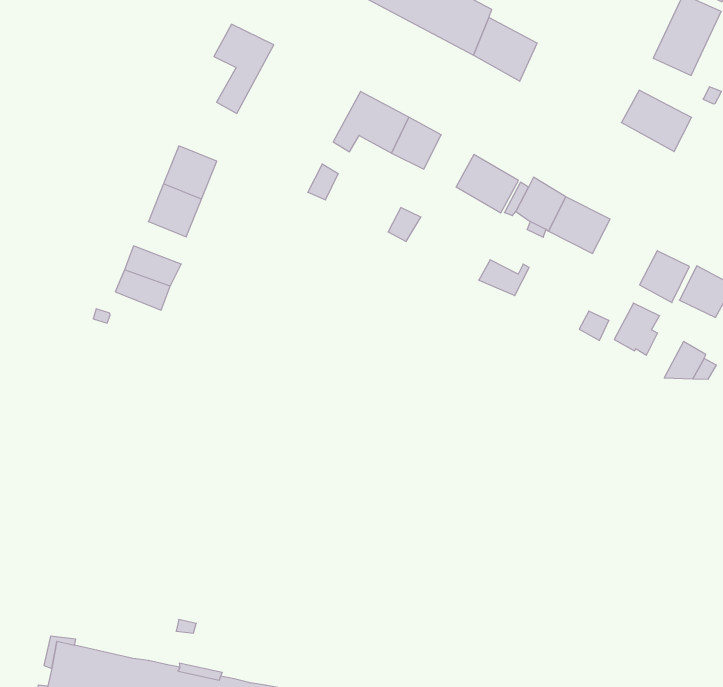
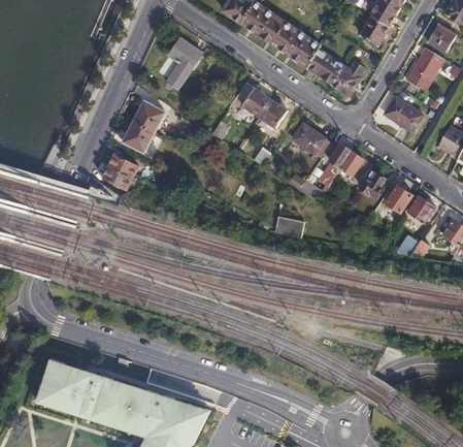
building: none -> [332,61,364,95]
building: [614,303,660,355] -> [360,169,386,198]
building: none -> [274,216,303,236]

